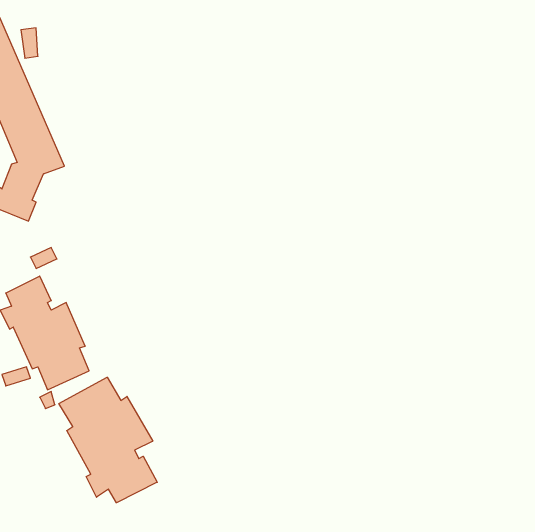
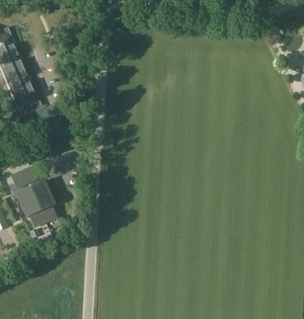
building: [59,377,157,503] -> none

